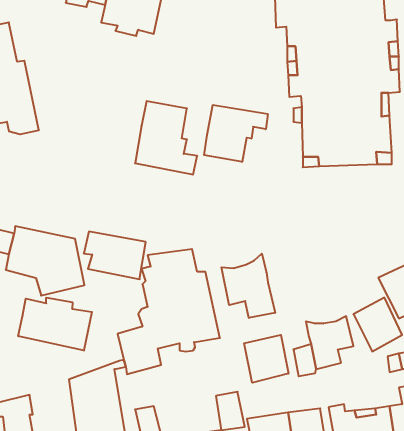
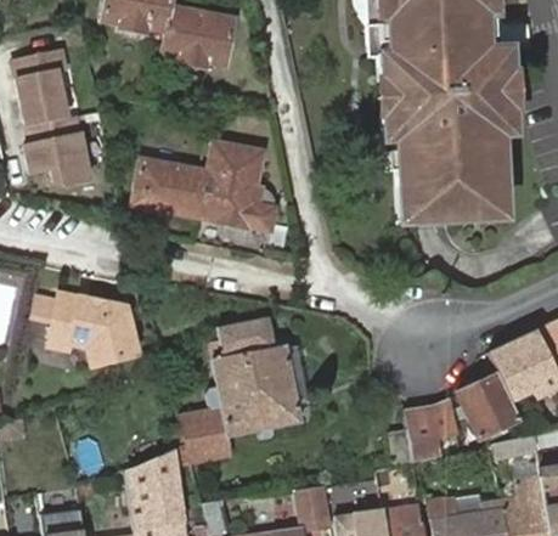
building: [204,105,268,162] -> none
building: [84,232,146,279] -> [136,160,209,216]
building: [221,254,275,318] -> none
building: [18,298,92,351] -> none
building: [244,335,288,383] -> none

